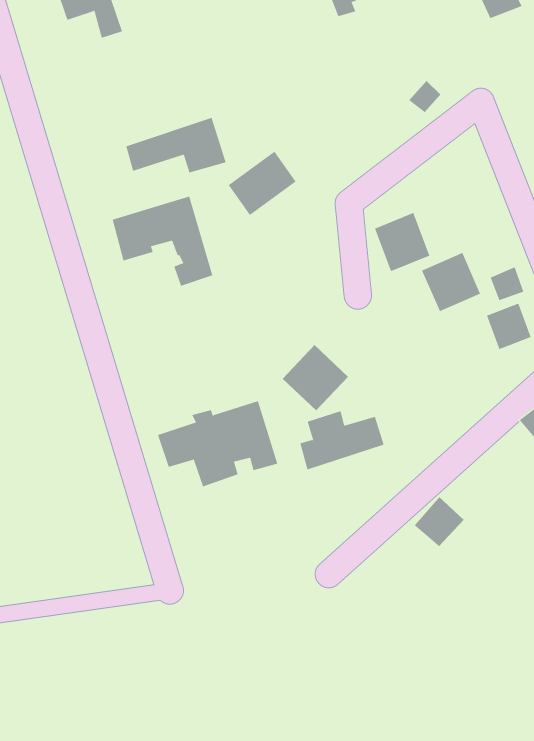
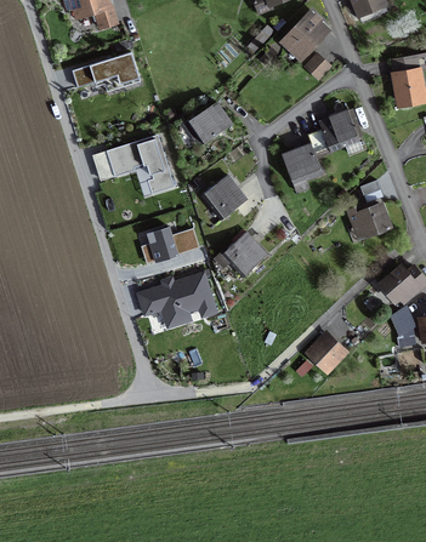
building: none -> [283,12,326,56]
building: [125,117,227,173] -> [73,51,141,89]
building: [421,252,481,312] -> [317,109,357,149]
building: none -> [203,175,245,217]
building: [300,411,385,470] -> [142,223,199,263]

